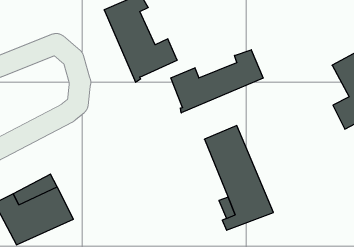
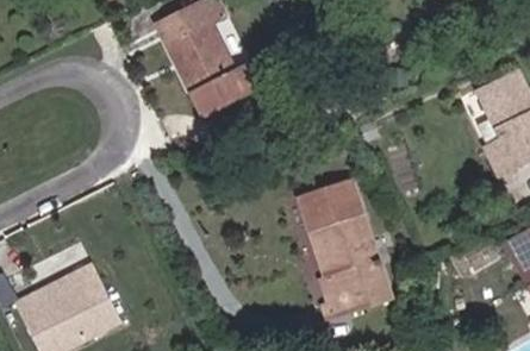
building: [171,50,263,113] -> none

